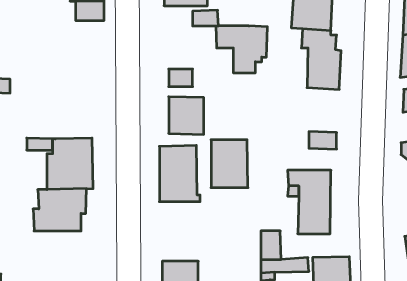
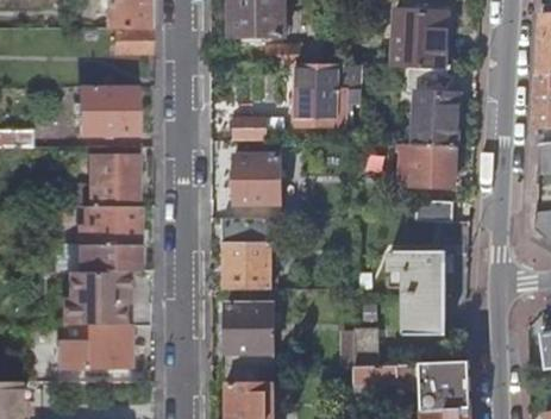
building: none -> [79,88,136,136]
building: none -> [401,142,456,185]
building: none -> [89,157,137,208]
building: [211,140,248,188] -> [227,305,275,367]
building: none -> [48,326,130,370]

